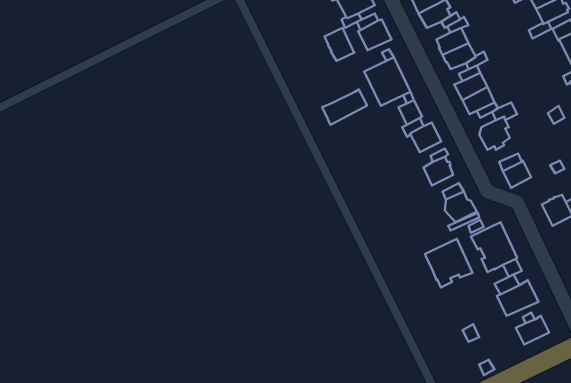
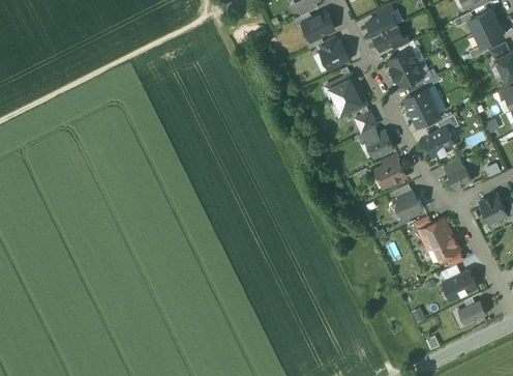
building: [324,28,354,61] -> none
building: [322,90,367,125] -> none
building: [425,239,472,288] -> none

